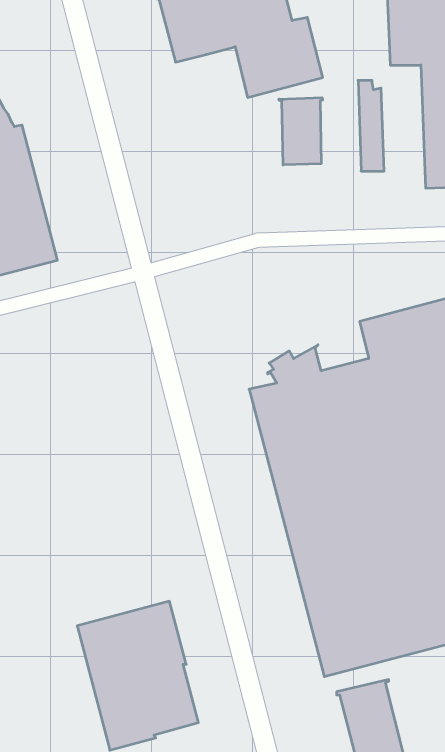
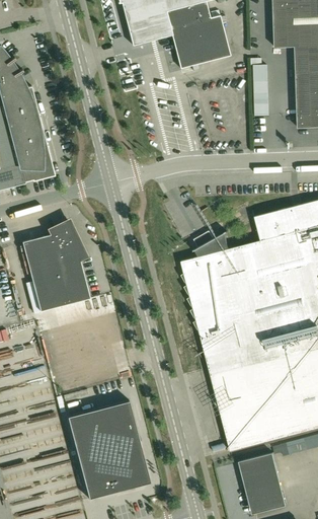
building: [279,98,323,165] -> none
building: none -> [22,224,90,311]

